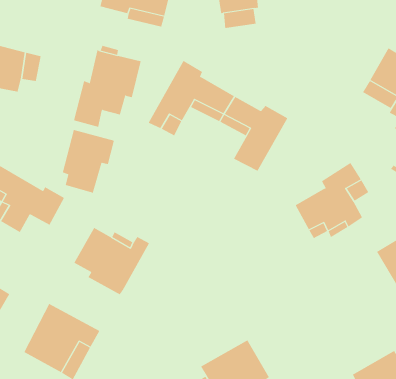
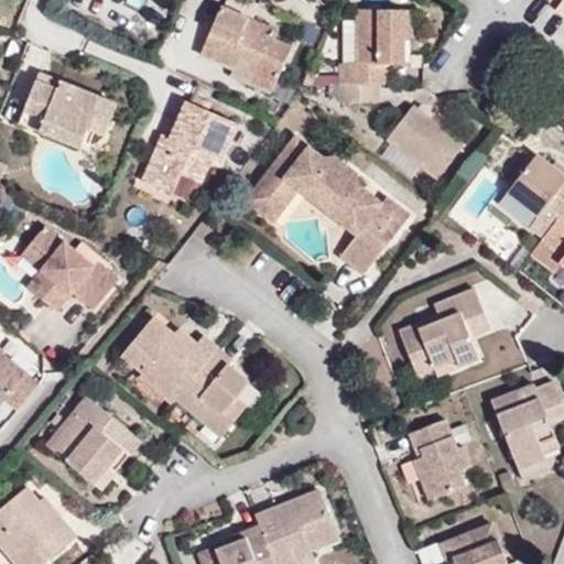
building: none -> [391,109,465,180]
building: [62,129,115,193] -> none
building: none -> [174,348,247,436]
building: none -> [408,417,469,498]

